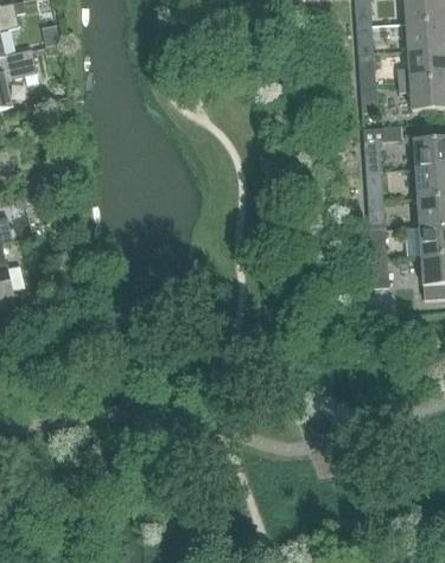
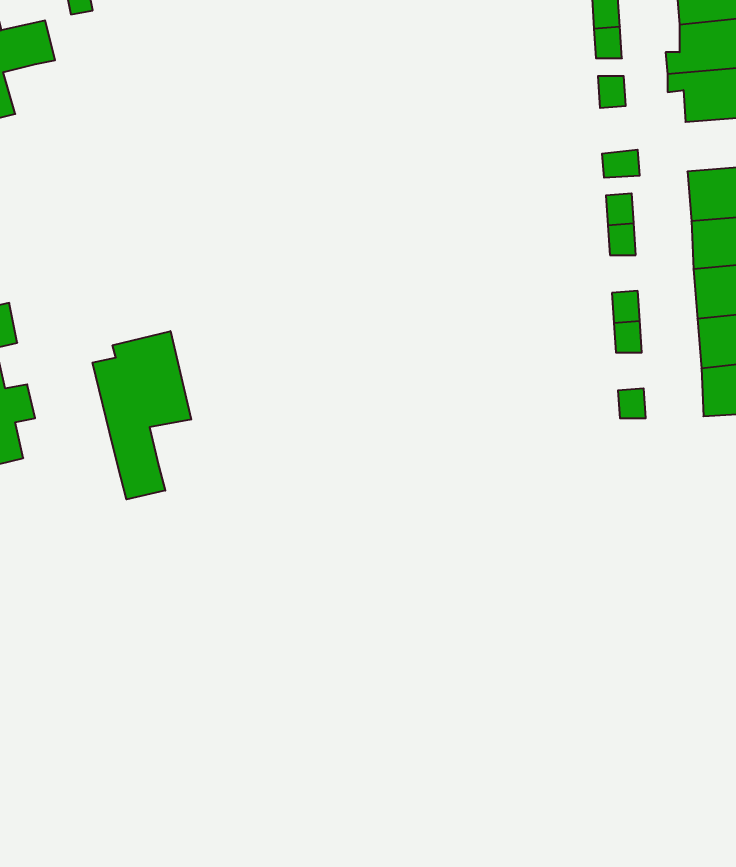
building: none -> [93,331,191,499]

